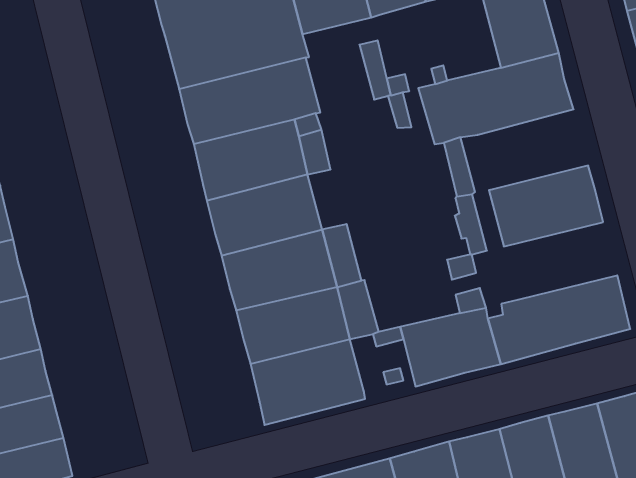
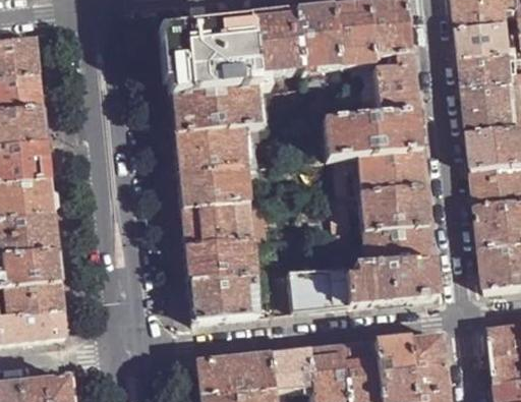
building: none -> [356,147,424,190]
building: none -> [362,222,432,264]

